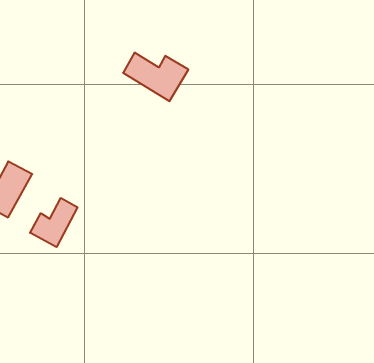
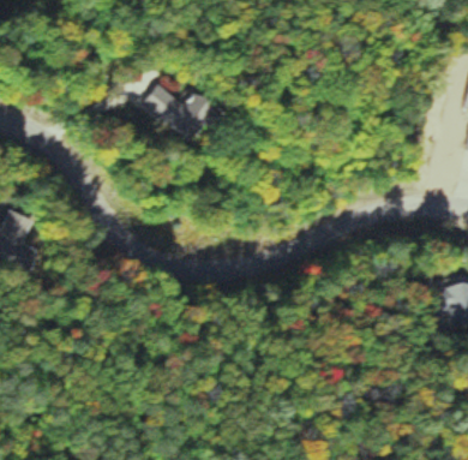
building: [30,198,77,247] -> none

